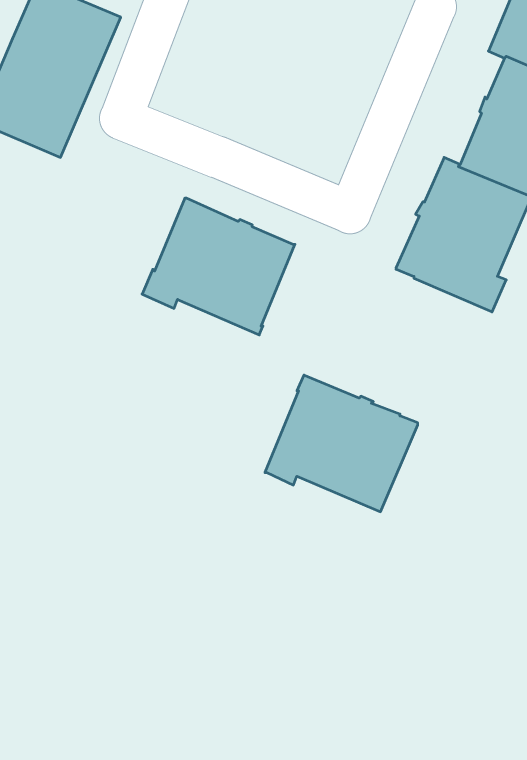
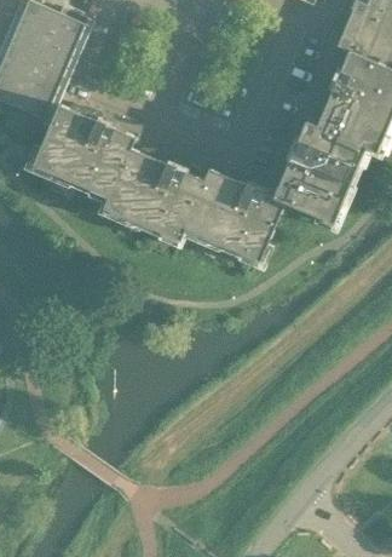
building: none -> [30,104,136,197]
building: [265,375,418,512] -> [181,168,286,262]

